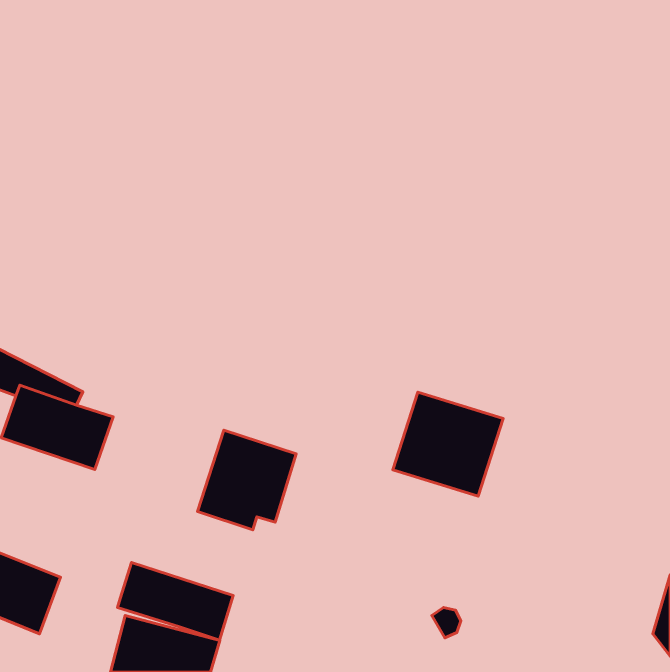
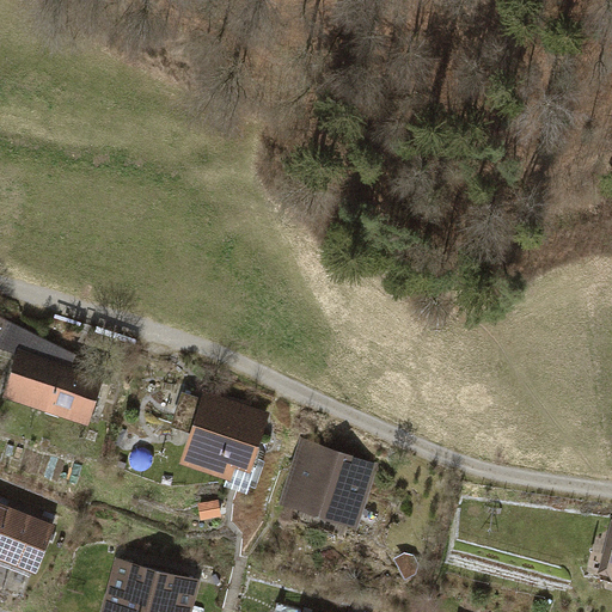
building: [393,392,503,496] -> [276,437,377,532]
building: [118,563,233,640] -> none

